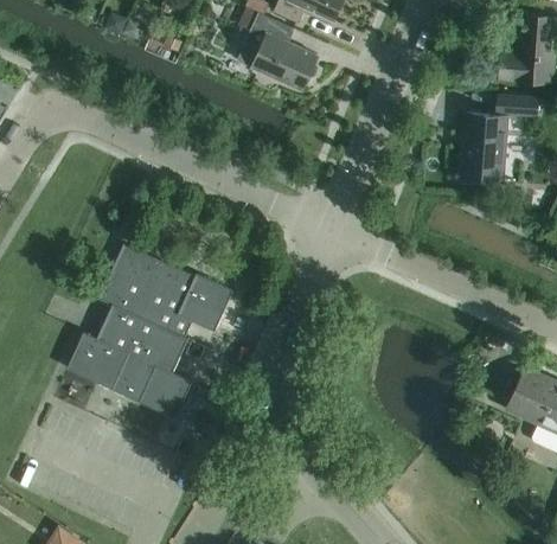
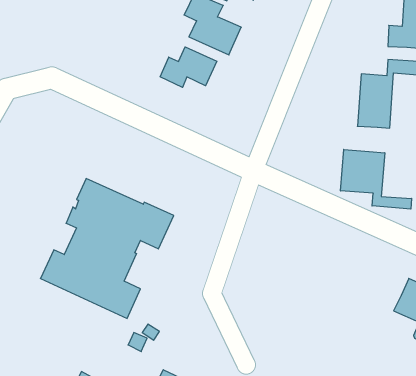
building: none -> [160,47,217,87]
building: none -> [341,149,412,209]

